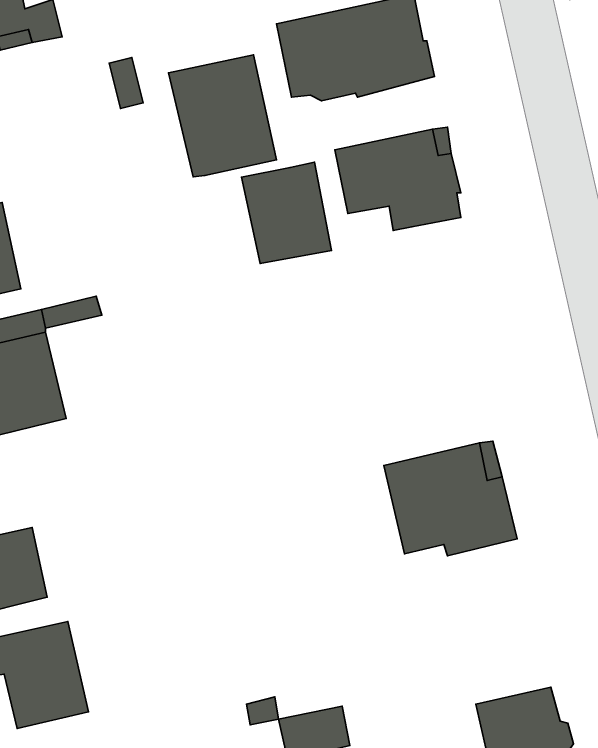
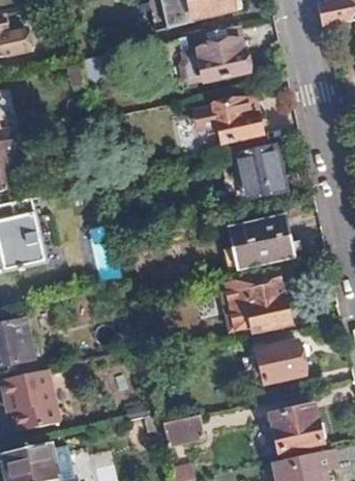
building: [168,55,277,177] -> none
building: [241,162,332,264] -> [236,144,286,200]
building: none -> [229,216,295,268]
building: none -> [260,341,306,384]

